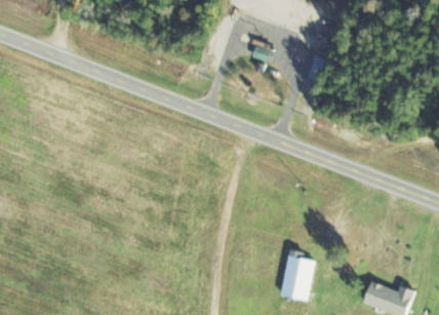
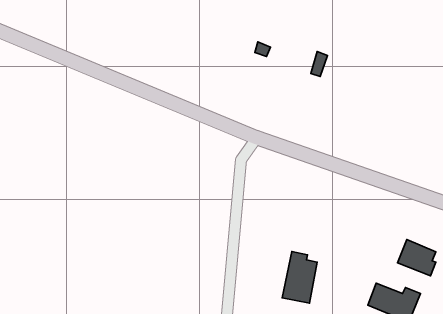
building: none -> [397,239,436,276]

